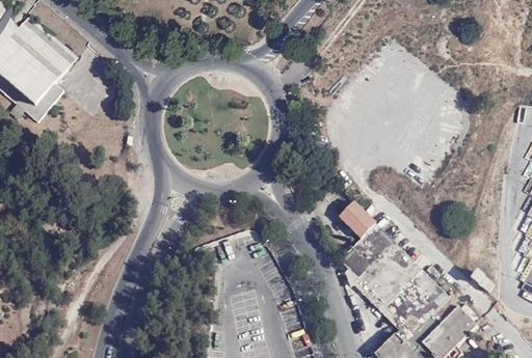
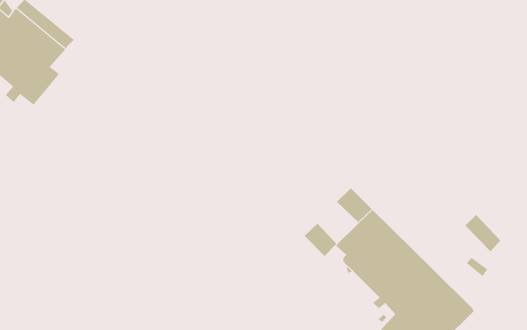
building: none -> [464,214,501,252]
building: none -> [304,223,337,257]

